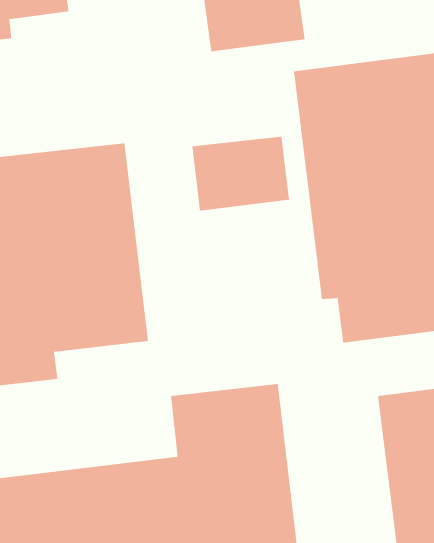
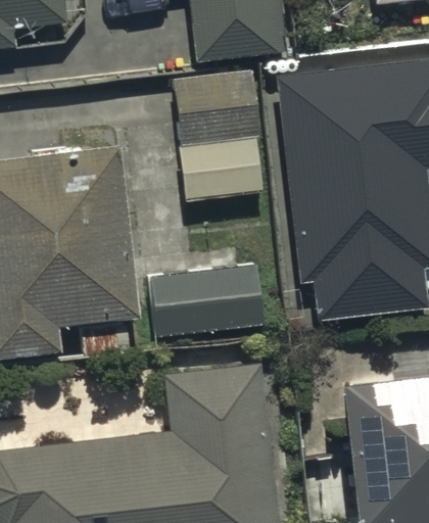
building: none -> [172,68,265,148]
building: none -> [149,259,267,343]

